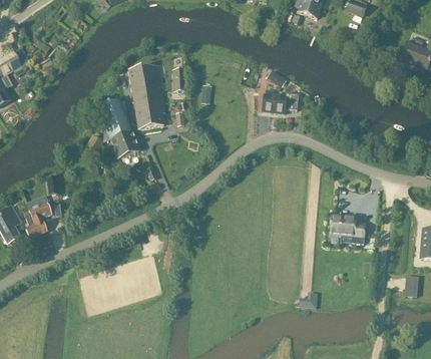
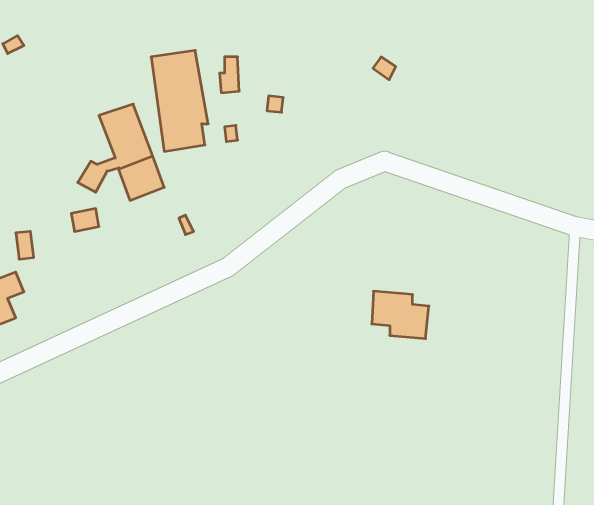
building: [262,92,299,113] -> none
building: [330,215,365,244] -> [372,291,429,339]

